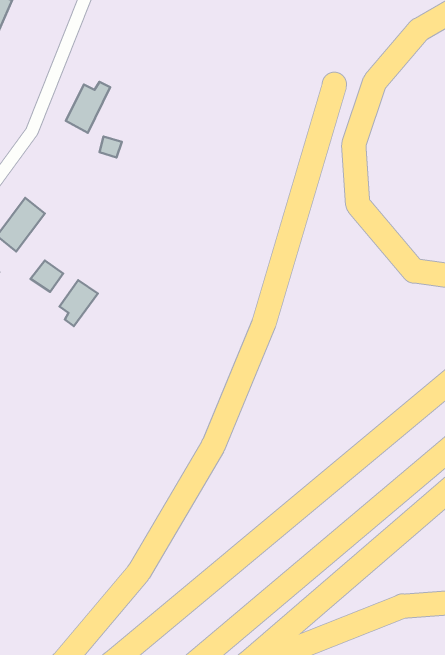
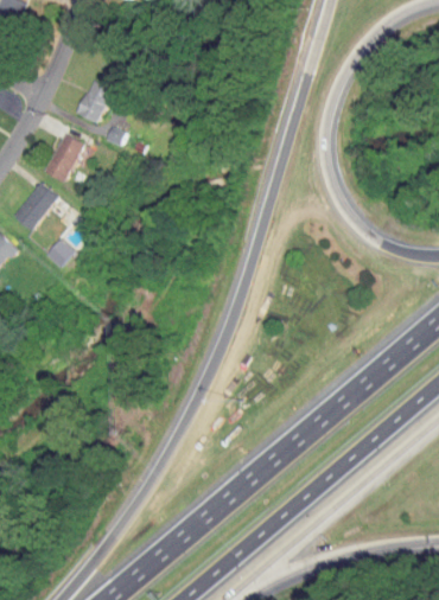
building: none -> [44,134,83,183]
building: [59,280,98,326] -> none

